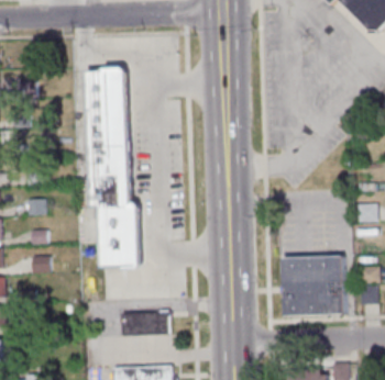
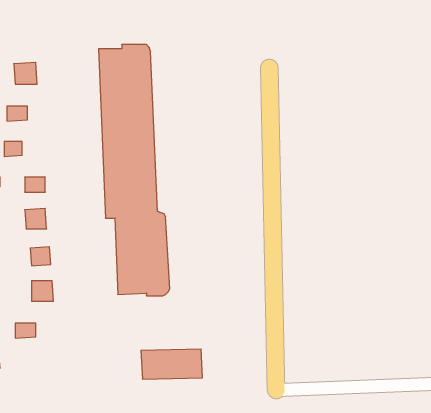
building: [284,254,345,315] -> none

